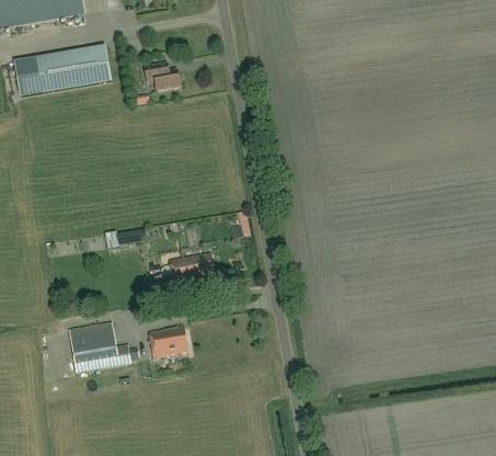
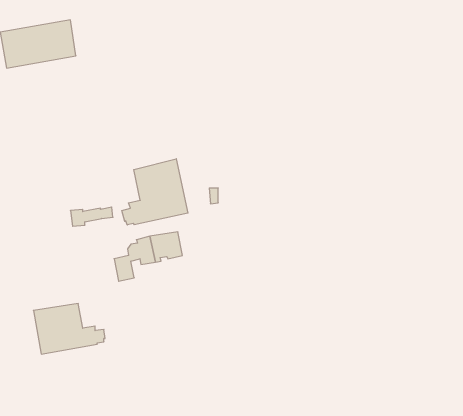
building: [143,62,180,90] -> none
building: none -> [122,159,188,225]
building: [148,326,187,356] -> none

